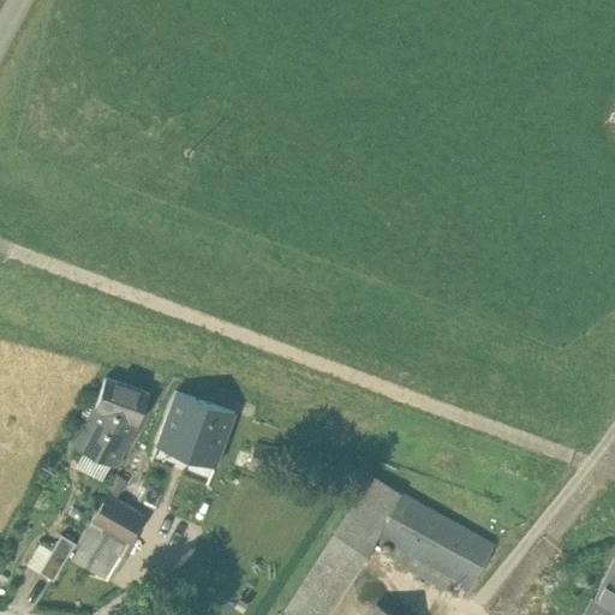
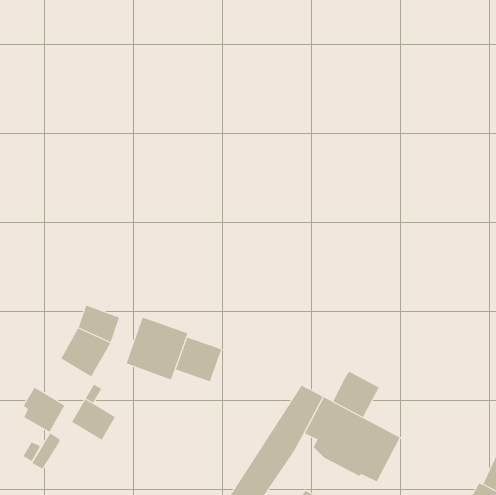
building: none -> [175,337,222,382]
building: none -> [333,371,379,418]
building: [77,524,129,580] -> [23,387,65,433]

